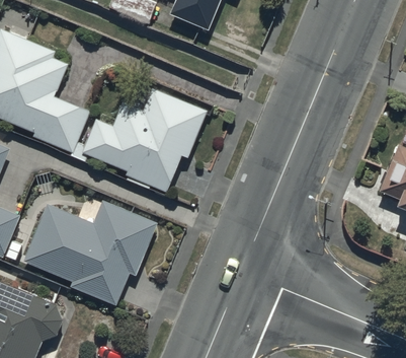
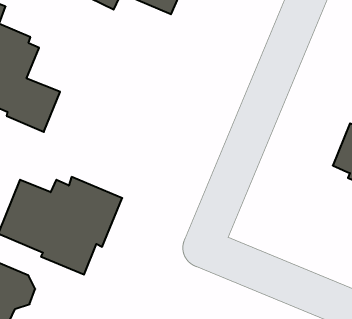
building: [81,88,207,193] -> none

